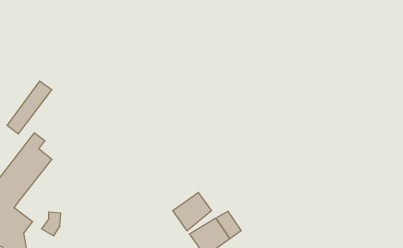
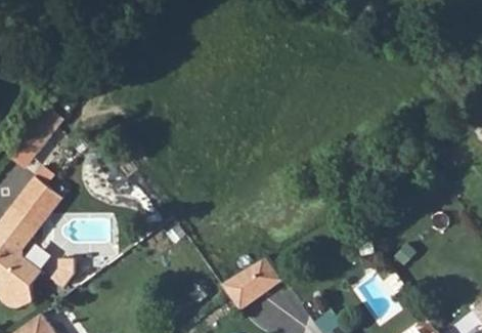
building: [173,192,212,231] -> none

